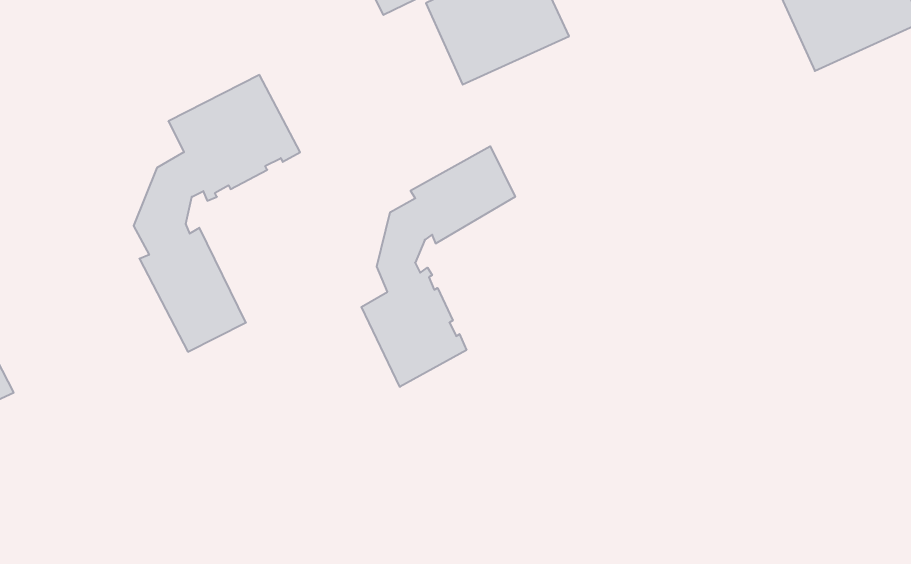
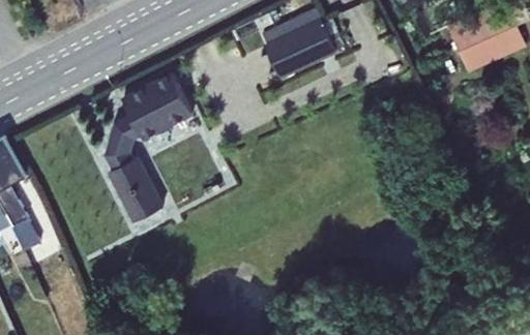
building: [361,146,515,387] -> none

